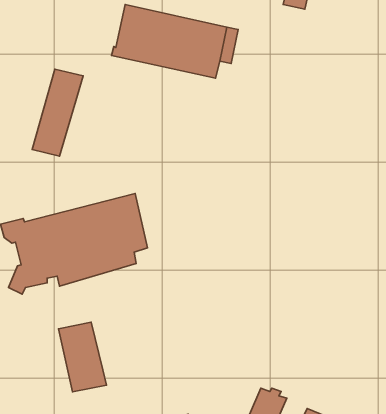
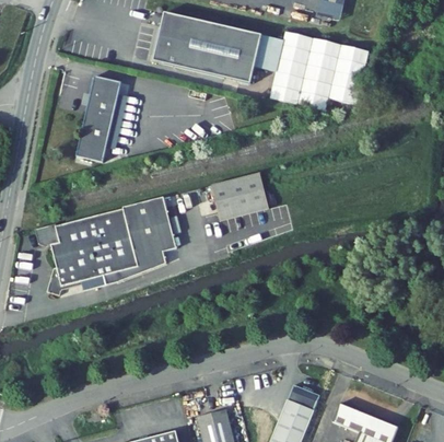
building: none -> [268,31,367,110]
building: none -> [213,173,271,220]
building: [58,322,107,392] -> none

